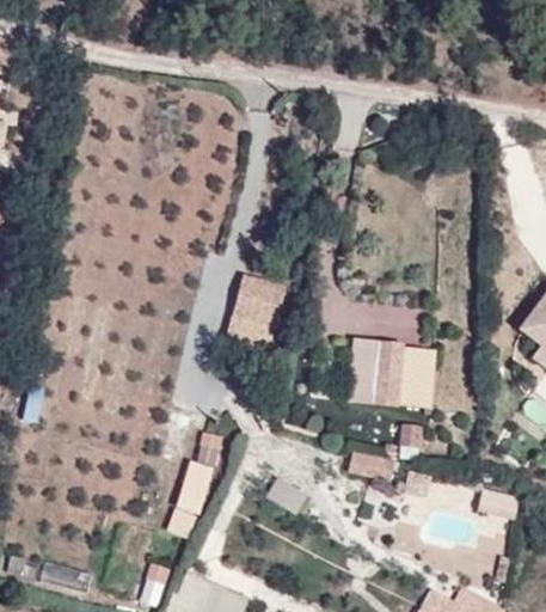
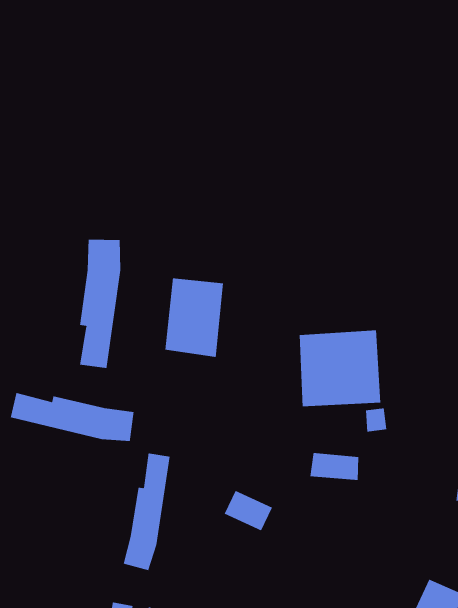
building: none -> [80,239,121,369]
building: none -> [10,392,134,442]

